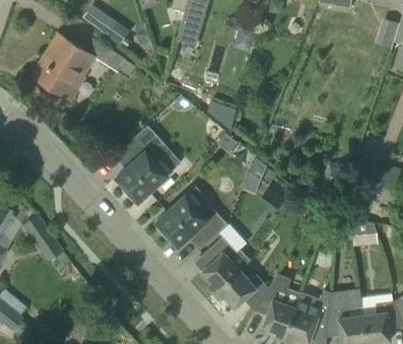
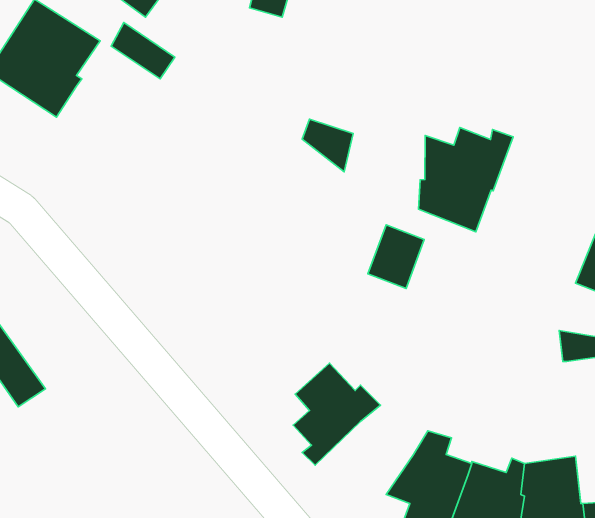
building: none -> [419,128,513,232]
building: [113,125,166,201] -> none
building: [155,195,227,251] -> none
building: [213,269,268,309] -> none

